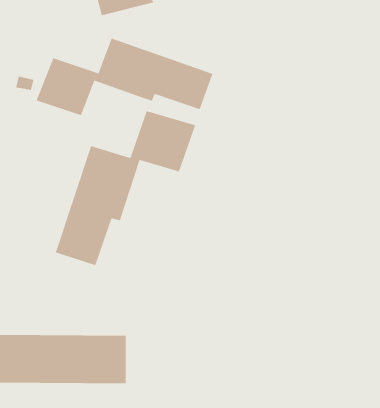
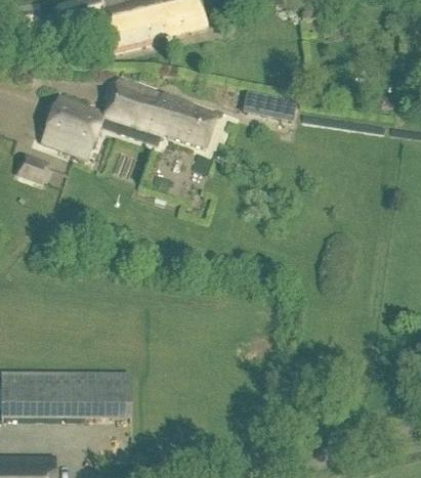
building: [55,110,196,266] -> none
building: none -> [16,156,51,185]

